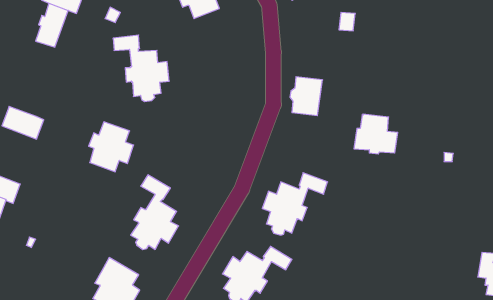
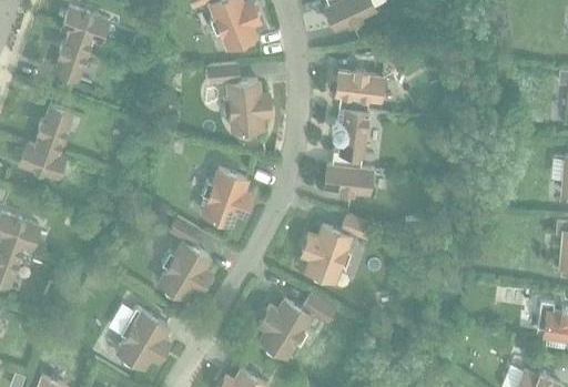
building: [113,35,169,101] -> [211,65,272,138]
building: none -> [336,72,384,115]
building: none -> [37,106,72,155]
building: [354,114,398,154] -> [325,151,373,194]
building: [89,122,134,172] -> [203,171,252,225]

